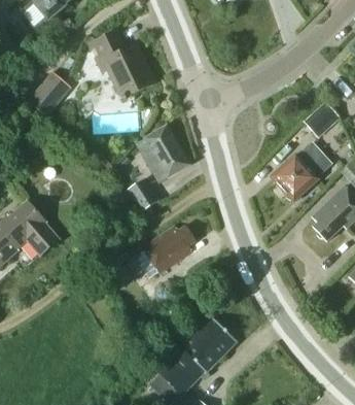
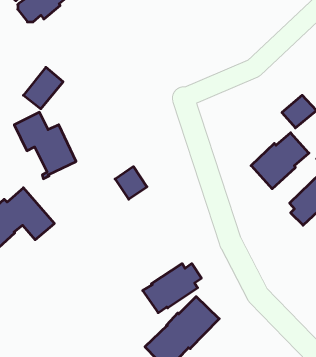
building: [90,31,155,102] -> [14,112,76,179]
building: [136,126,189,183] -> none
building: [133,226,196,278] -> [143,264,201,313]

